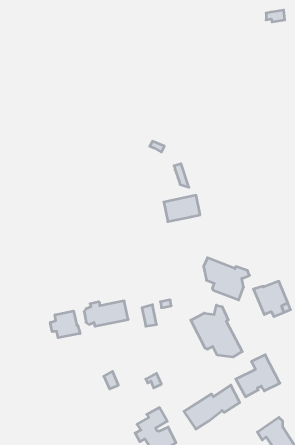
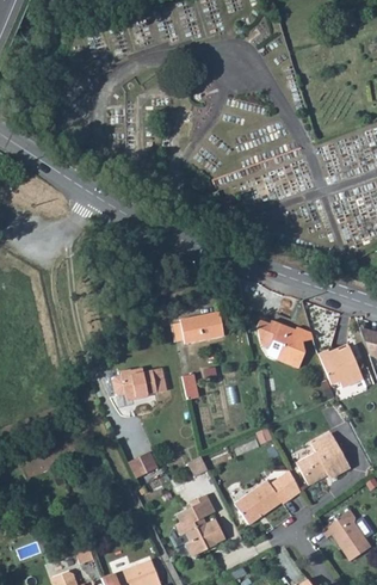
building: [164,195,200,222] -> [181,310,225,343]
building: [191,305,242,357] -> none
building: [50,311,80,338] -> none

